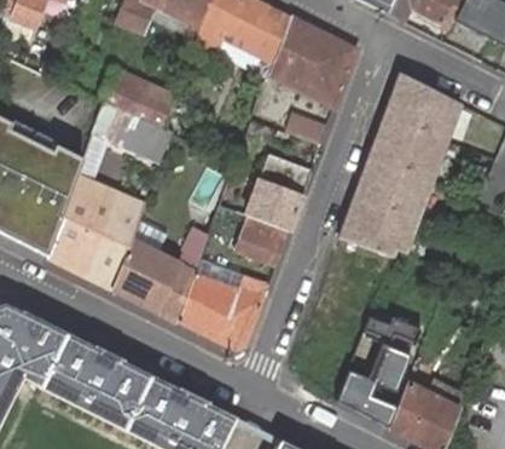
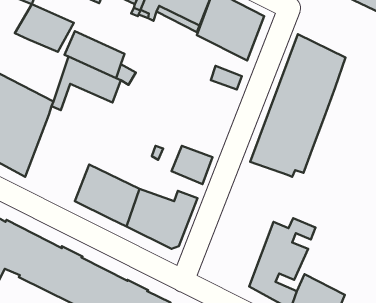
building: none -> [15,4,74,52]
building: [246,154,312,231] -> none
building: [48,177,144,288] -> none

